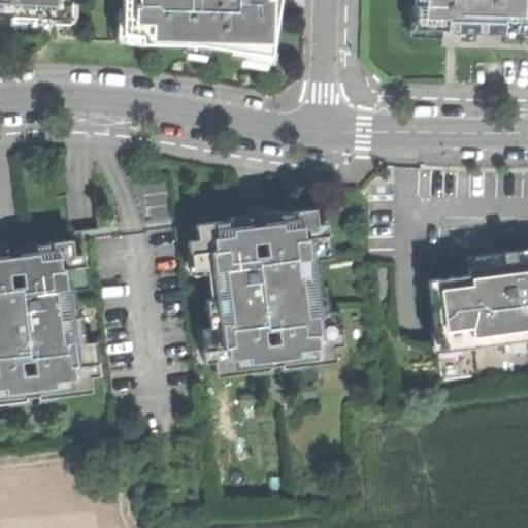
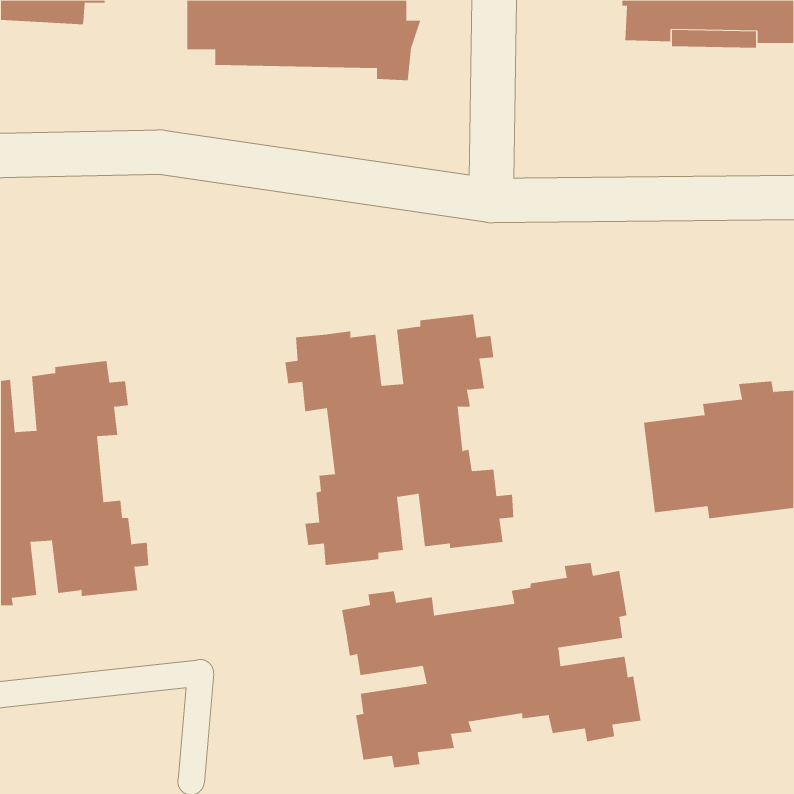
building: none -> [341,562,641,768]

